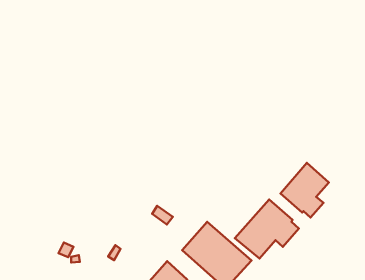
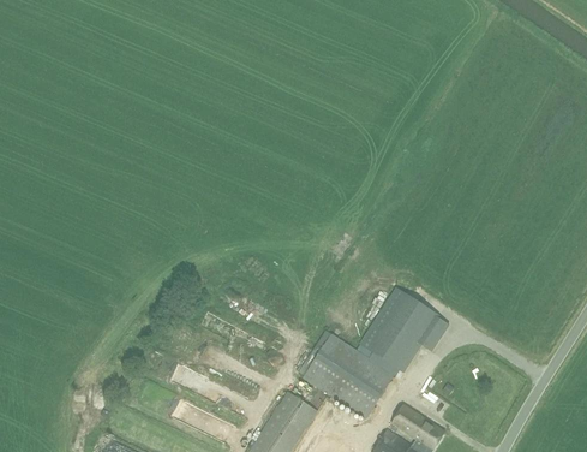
building: [280,163,329,217] -> none

